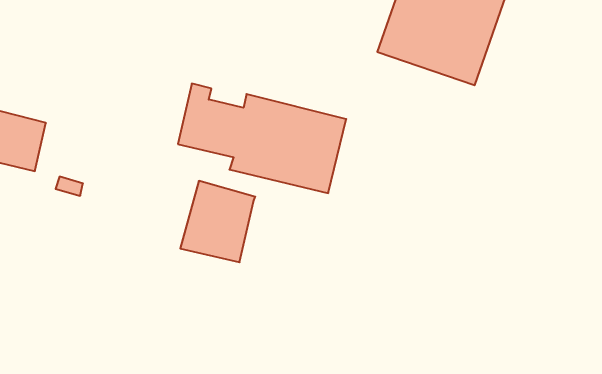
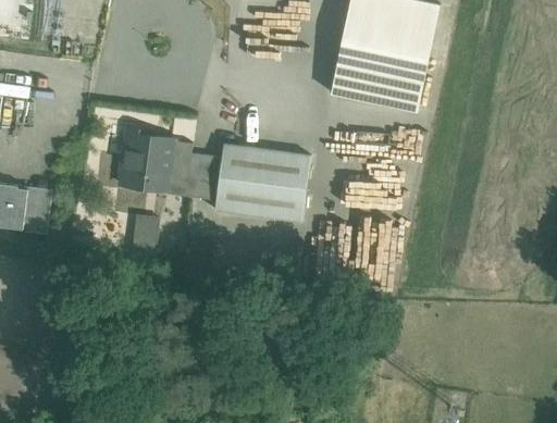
building: none -> [131,213,161,250]
building: [180,181,255,262] -> [116,128,175,194]

